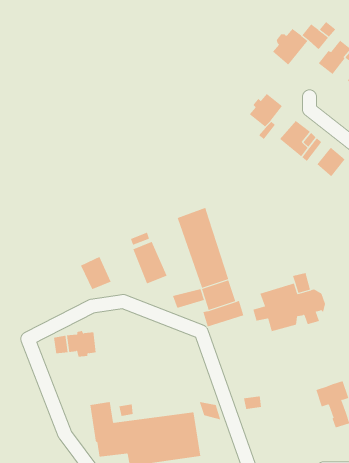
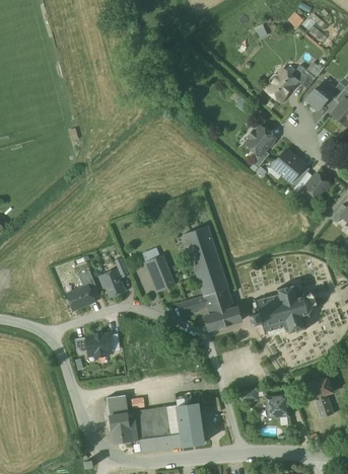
building: none -> [67,286,94,310]
building: none -> [266,395,289,418]

